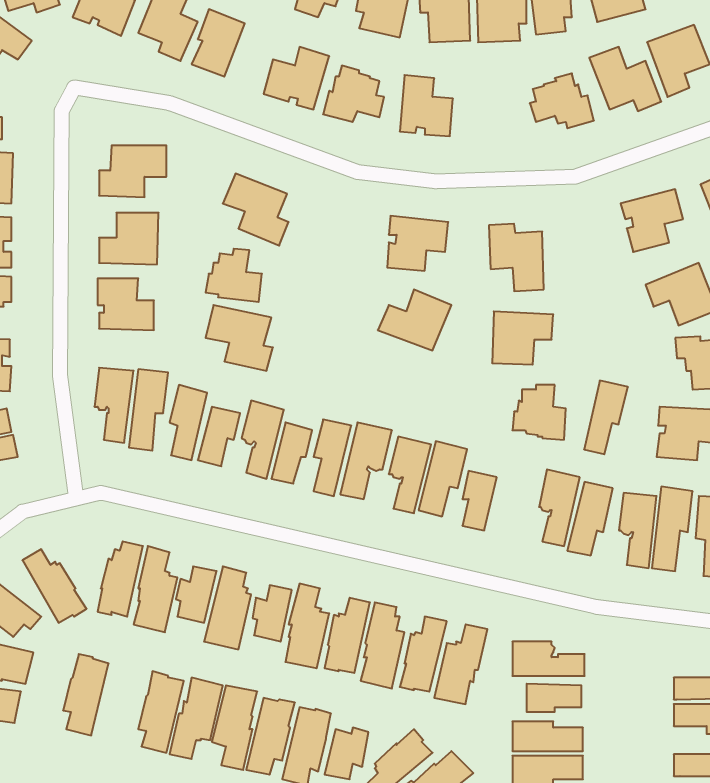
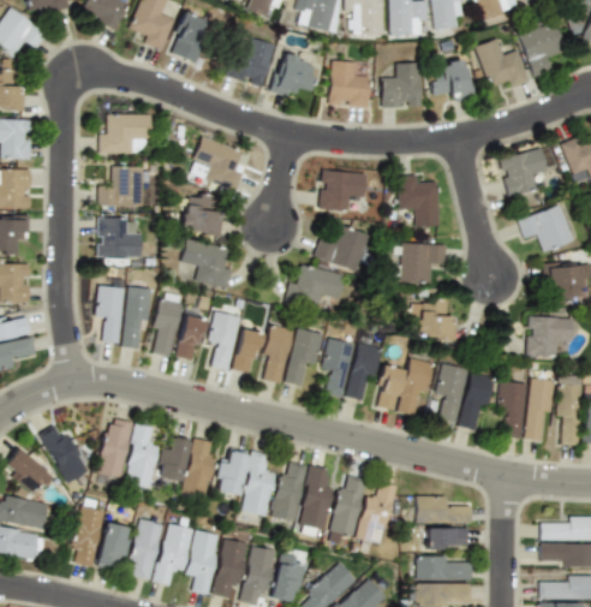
building: none -> [382,61,420,107]
building: none -> [285,264,345,307]
building: [584,381,628,454] -> [399,358,432,415]
building: none -> [97,523,129,566]

